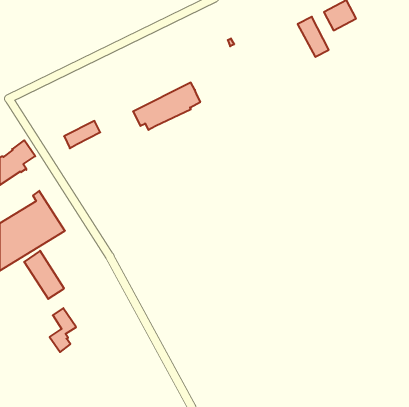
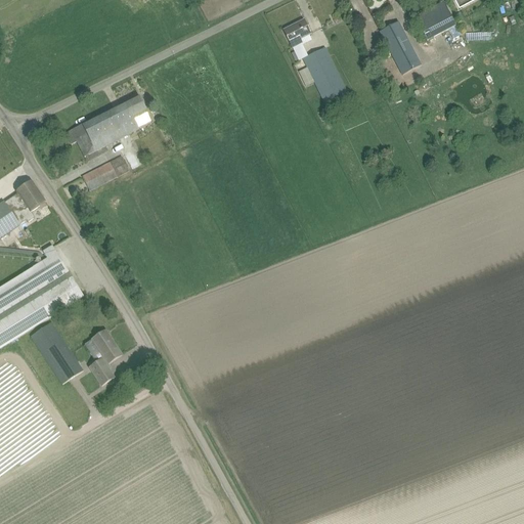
building: none -> [282,17,310,46]
building: none -> [298,46,346,101]
building: [133,83,200,130] -> [64,94,150,155]
building: [50,308,76,352] -> [87,329,121,385]

